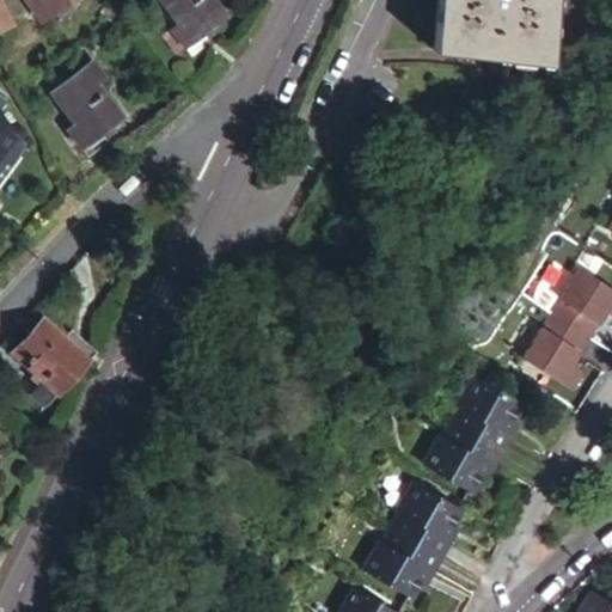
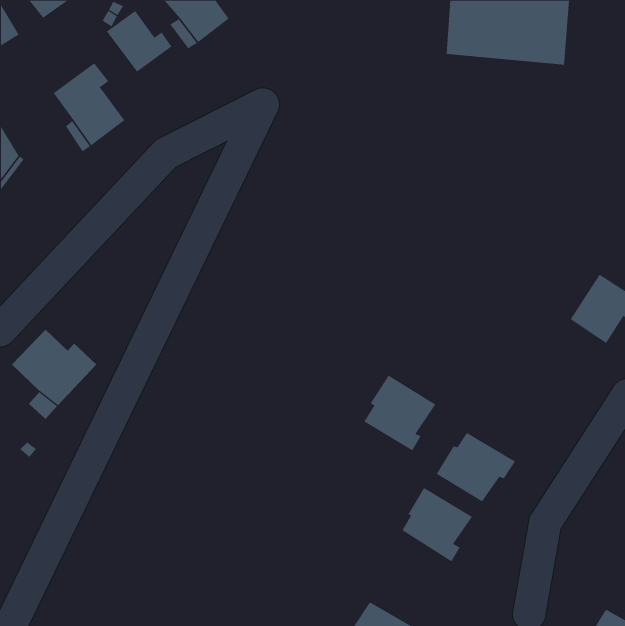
building: none -> [106,10,172,73]
building: [528,312,593,386] -> none
building: [457,377,527,451] -> [364,375,436,451]
building: [363,518,442,588] -> none

